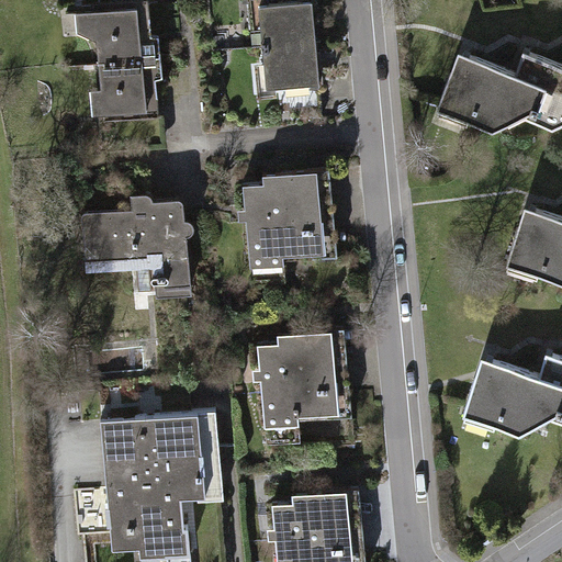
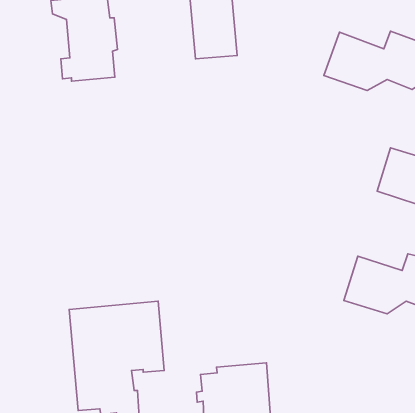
building: [236,171,335,268] -> none
building: [79,194,193,299] -> none
building: [250,333,349,429] -> none

